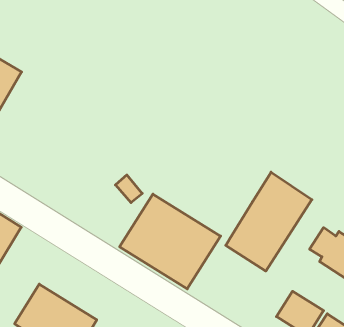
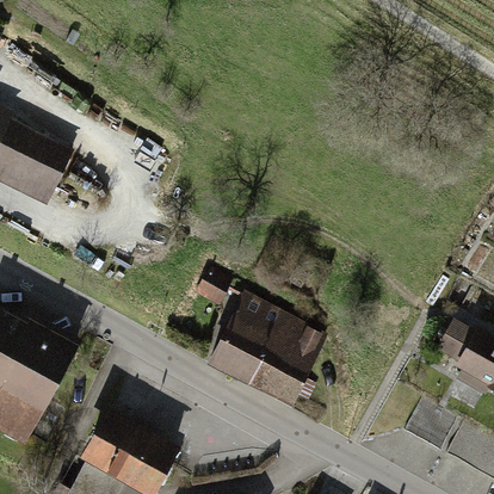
building: [226,172,312,271] -> none

